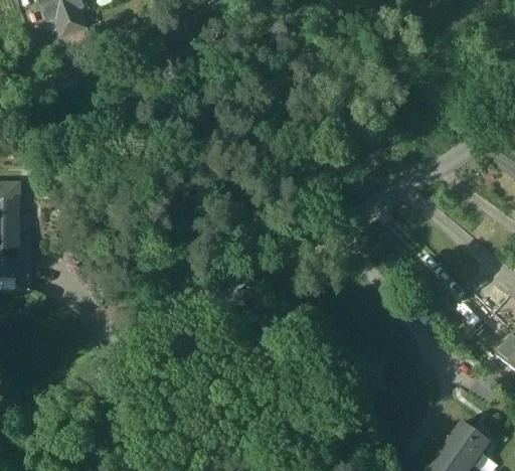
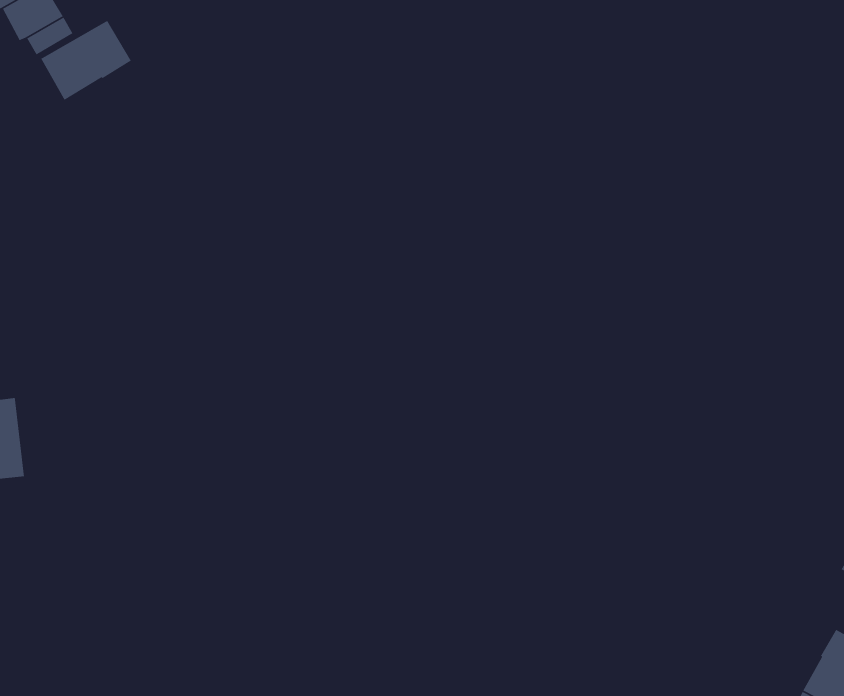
building: none -> [40,20,132,101]

